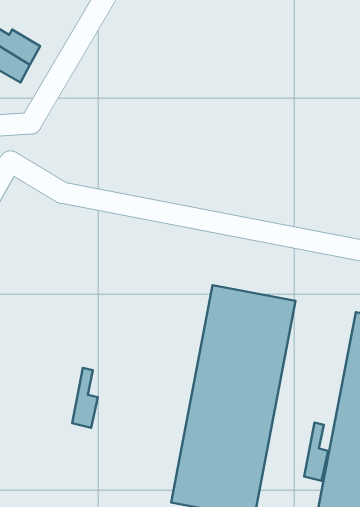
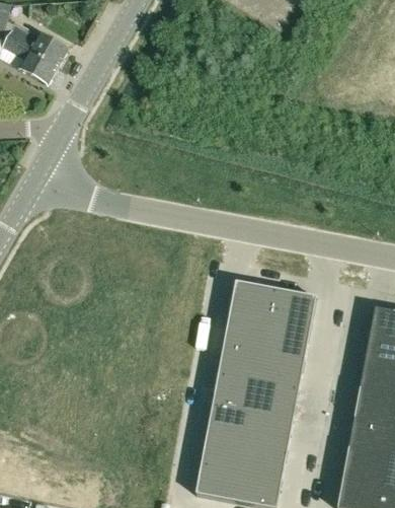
building: [72,368,98,428] -> none
building: [304,422,328,481] -> none

